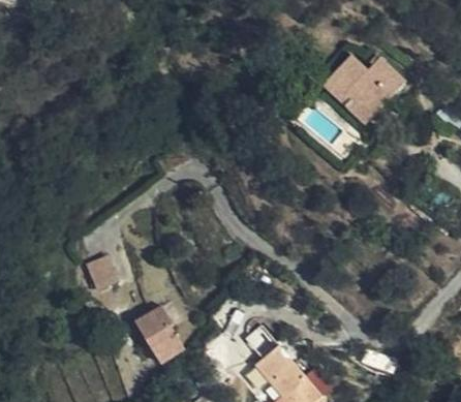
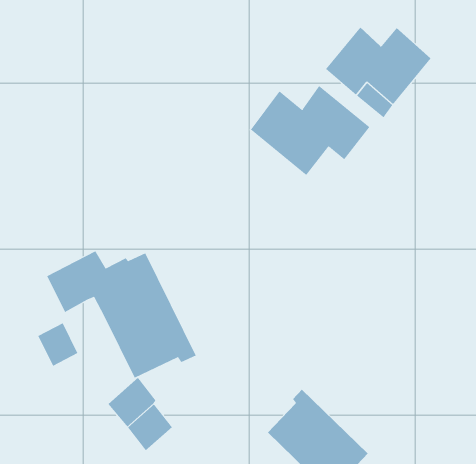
building: none -> [250,85,370,176]
building: none -> [47,250,196,379]

